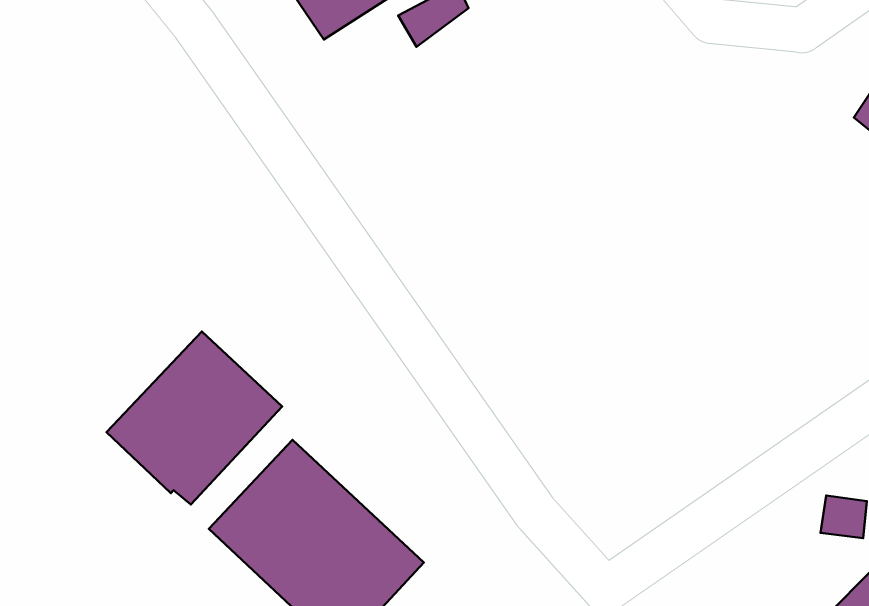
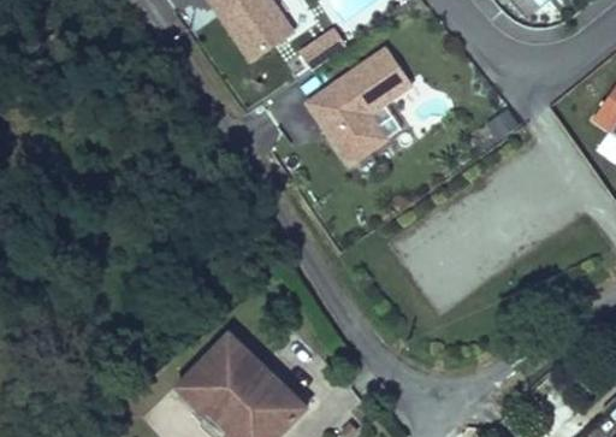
building: none -> [307,43,413,170]
building: [106,331,282,504] -> none

